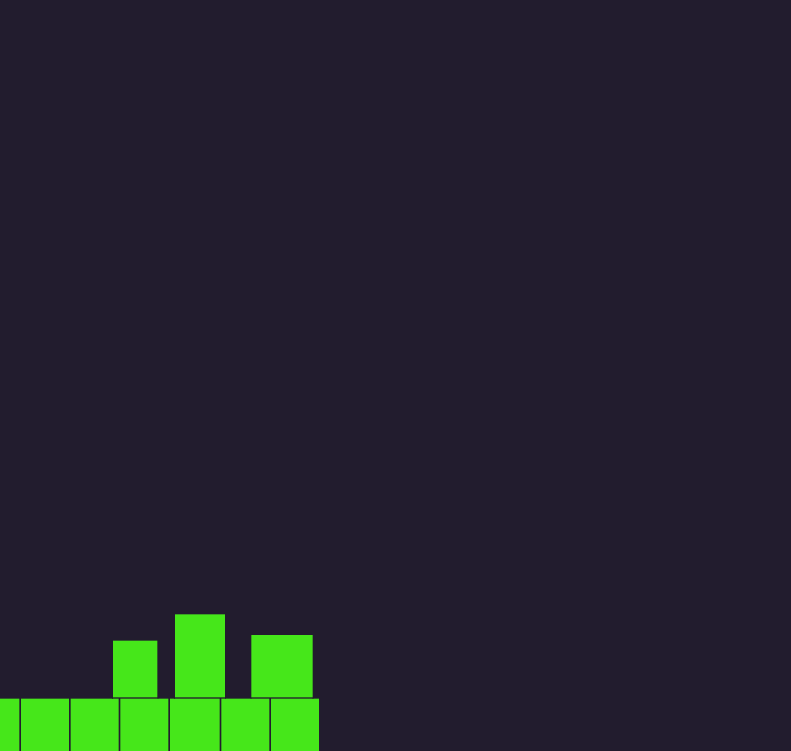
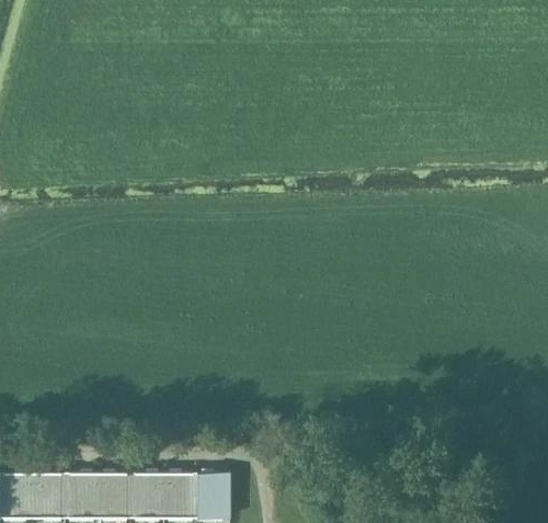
building: [174,614,226,698] -> none
building: [251,634,313,698] -> none
building: [113,640,158,698] -> none

